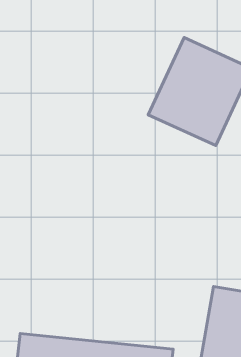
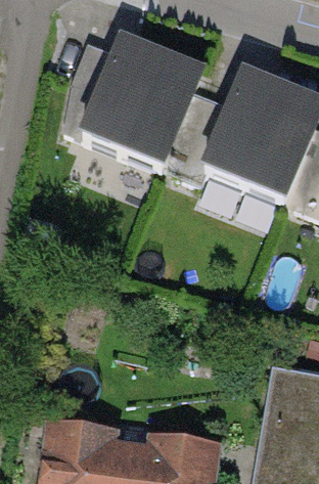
building: none -> [78,37,202,169]

